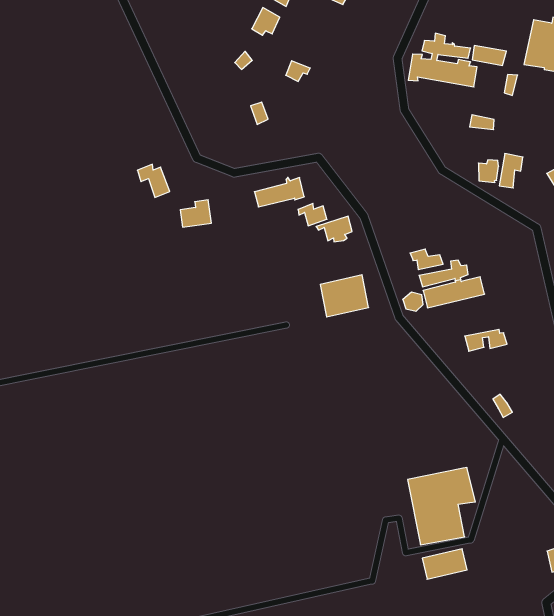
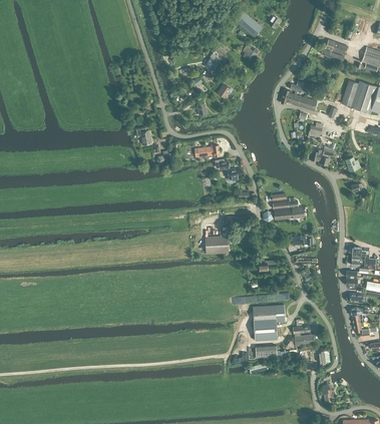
building: [320,275,369,317] -> [206,236,229,255]
building: none -> [293,325,318,346]

